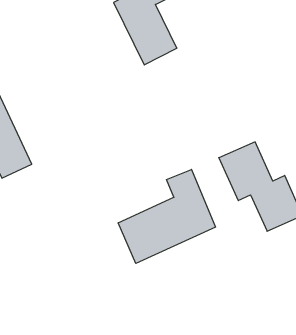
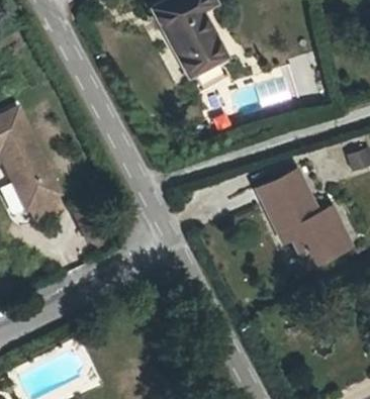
building: [118,169,216,263] -> none

